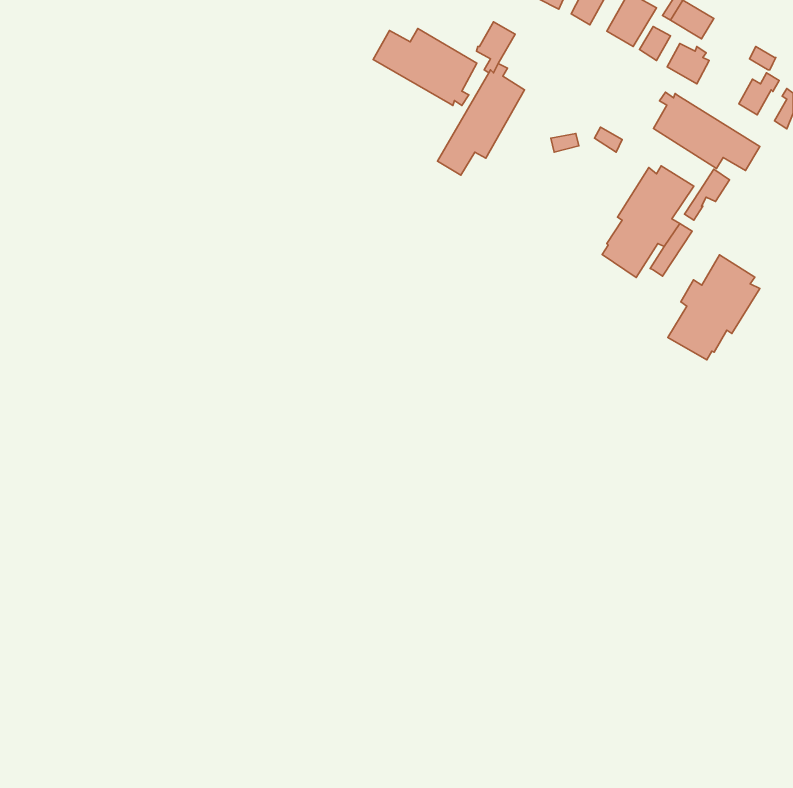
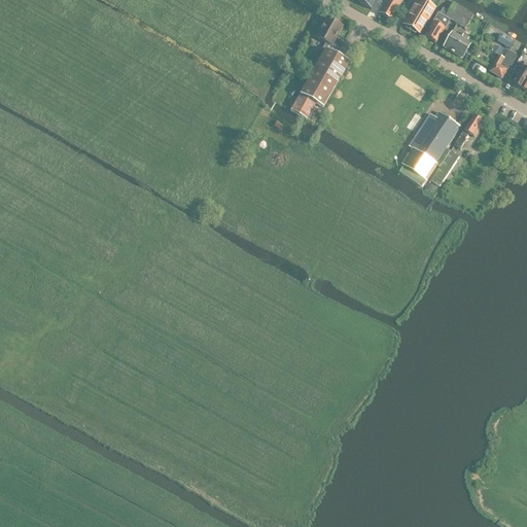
building: [373,29,477,106] -> none
building: [654,92,760,171] -> none
building: [668,255,760,360] -> none

